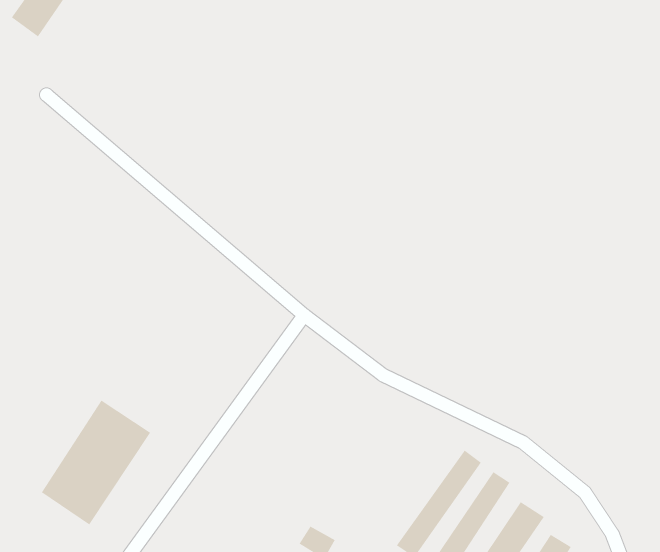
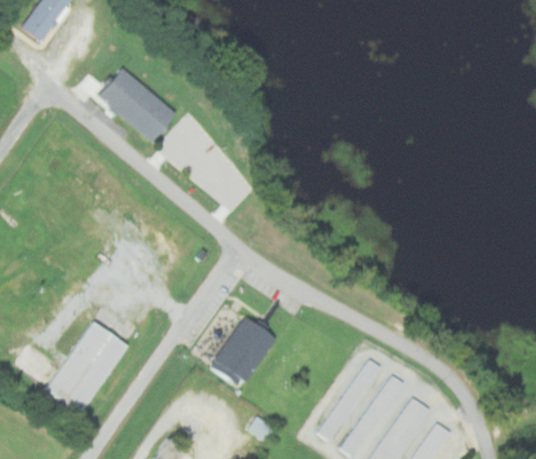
building: none -> [98,67,178,143]
building: none -> [212,315,275,388]

